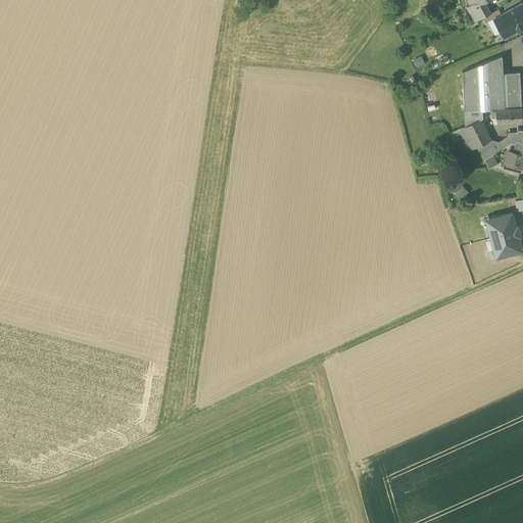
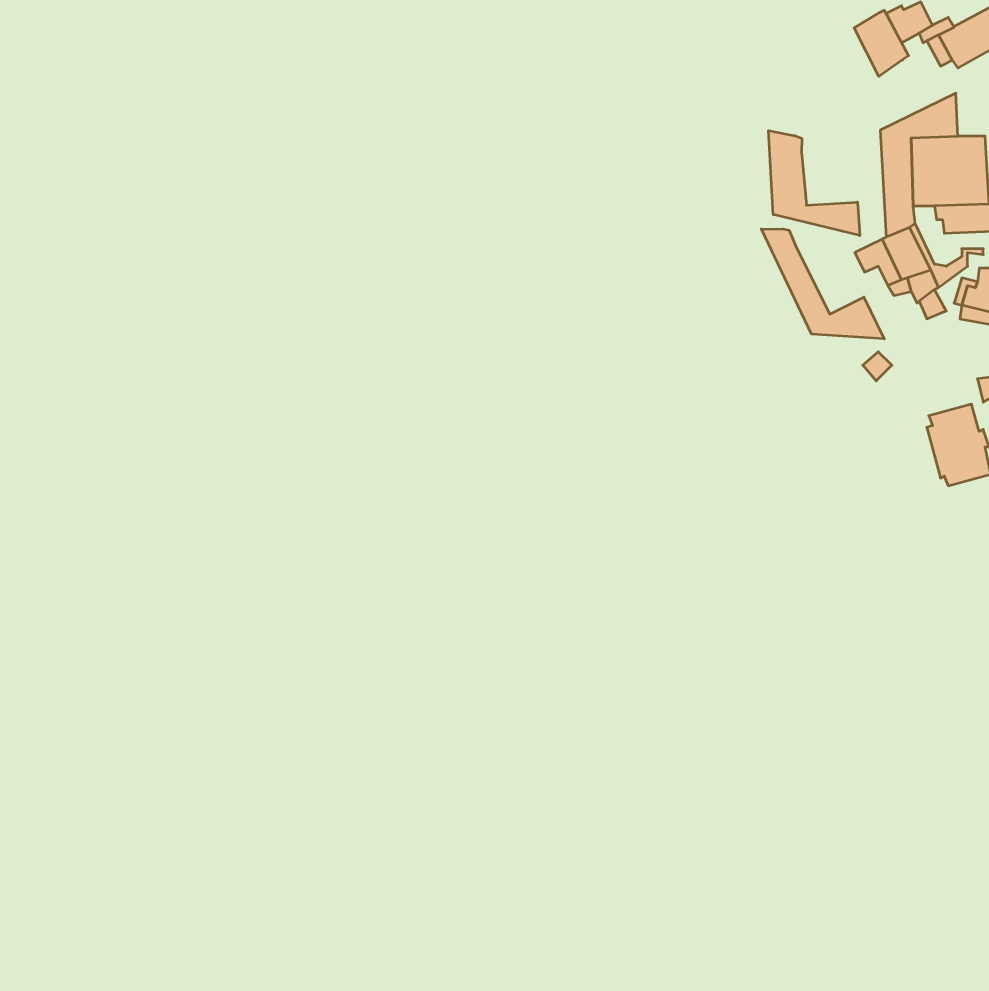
building: none -> [854,10,909,76]
building: none -> [769,131,860,236]
building: none -> [761,229,884,339]

